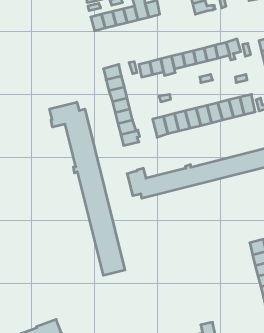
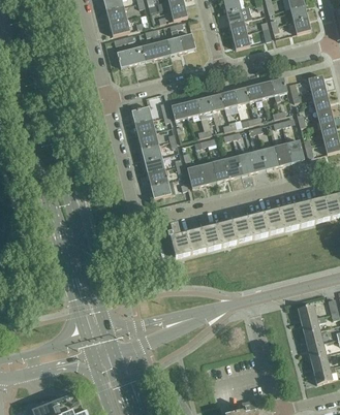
building: [50,102,125,275] -> none

